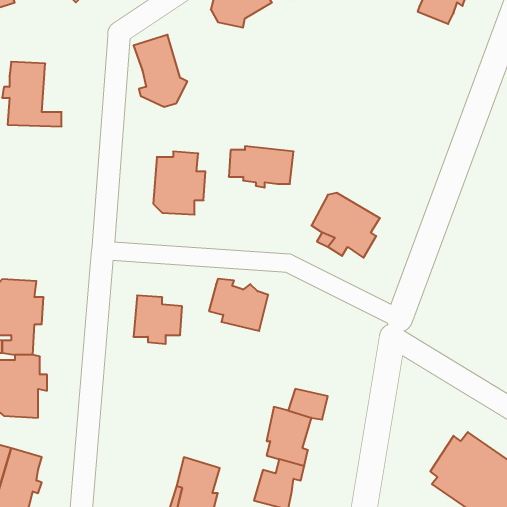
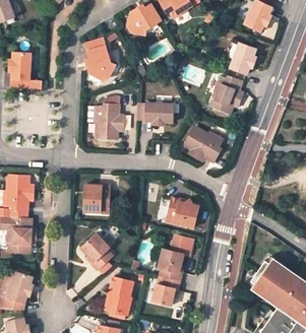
building: none -> [230,41,257,73]
building: none -> [209,75,244,114]
building: [209,279,268,331] -> [166,196,199,225]
building: none -> [81,232,113,268]

